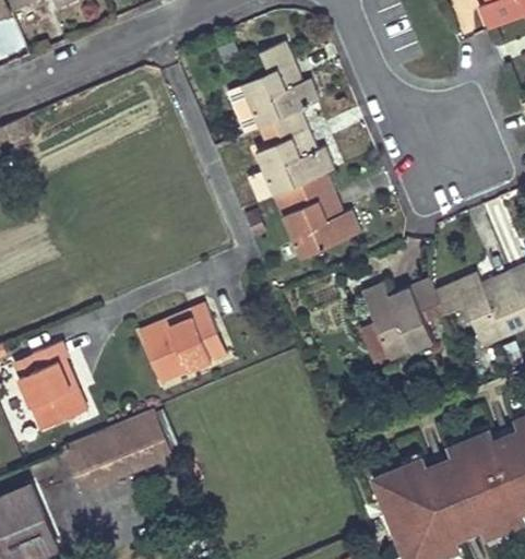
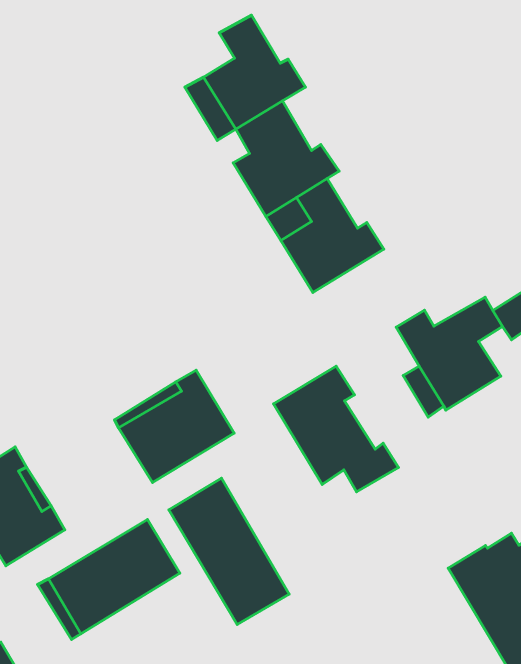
building: none -> [273,366,398,492]
building: none -> [169,478,289,625]

